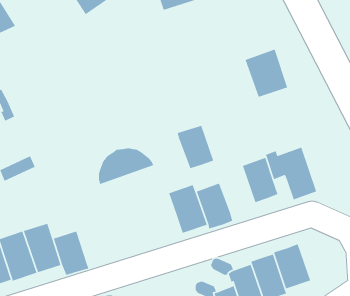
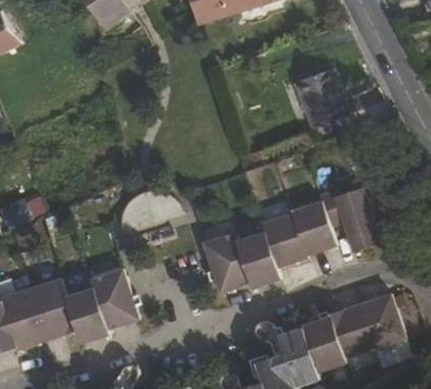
building: [177,125,215,169] -> [263,212,308,266]
building: none -> [90,269,138,328]
building: none -> [359,293,405,348]

